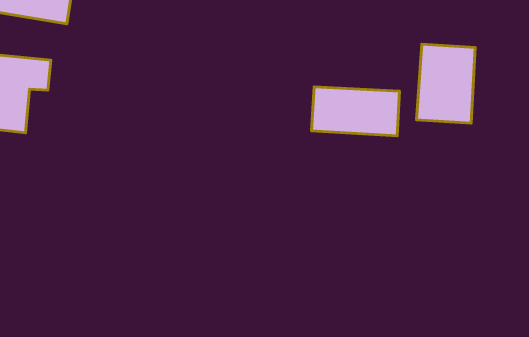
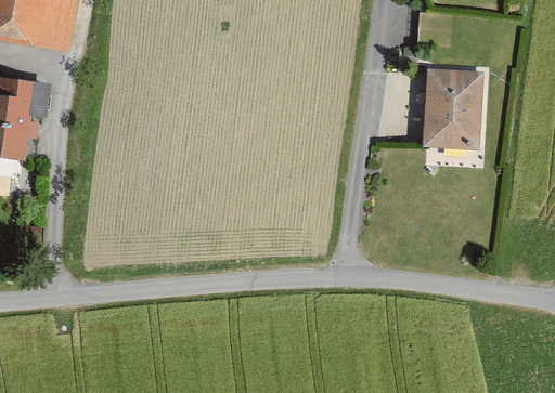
building: [311,87,400,136] -> none

